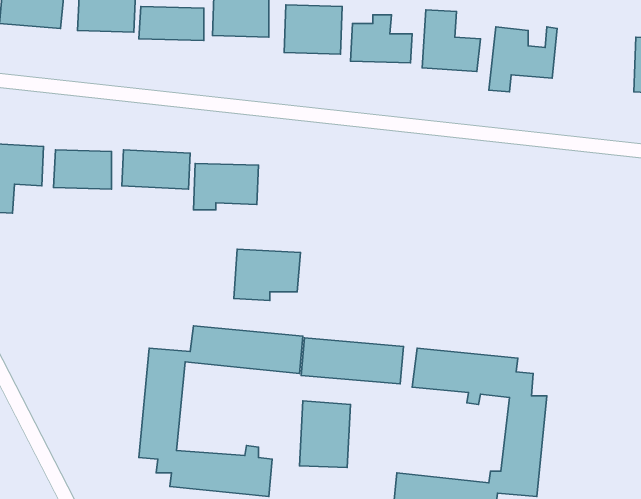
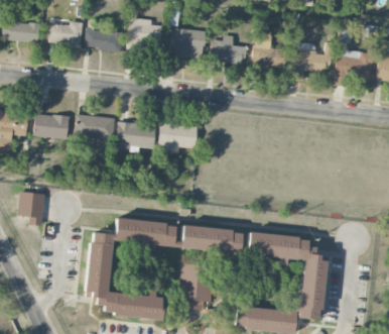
building: none -> [335,50,372,86]
building: [234,249,300,300] -> [158,123,198,153]
building: none -> [18,193,43,226]

